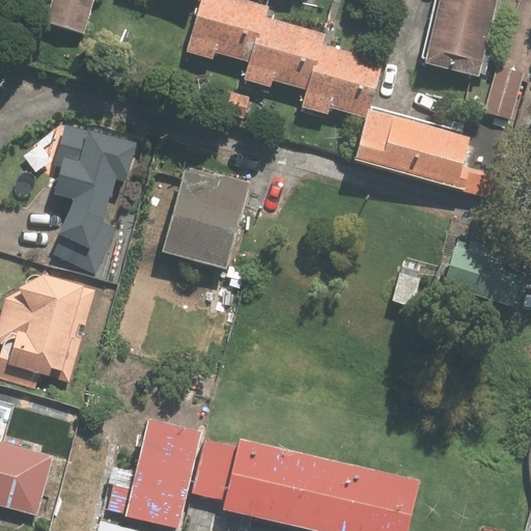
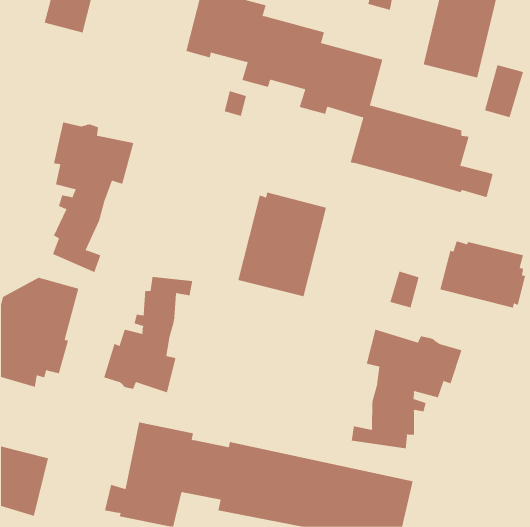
building: [160,166,249,271] -> [237,192,327,297]
building: none -> [103,276,193,393]
building: none -> [351,329,462,449]

